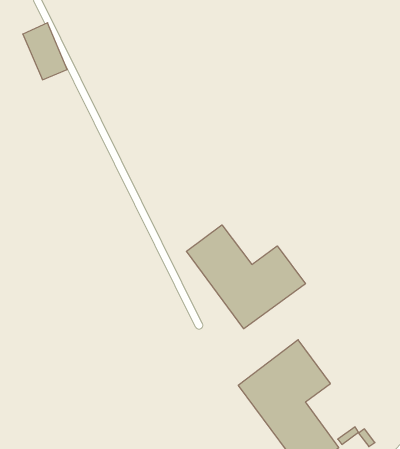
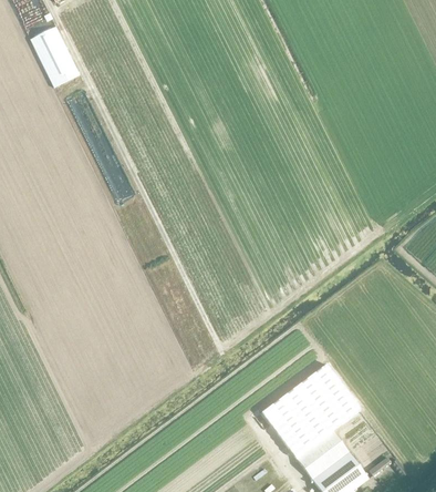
building: [186,225,305,329] -> none

